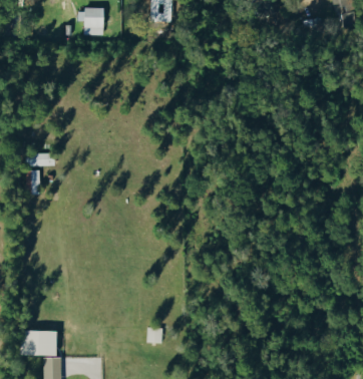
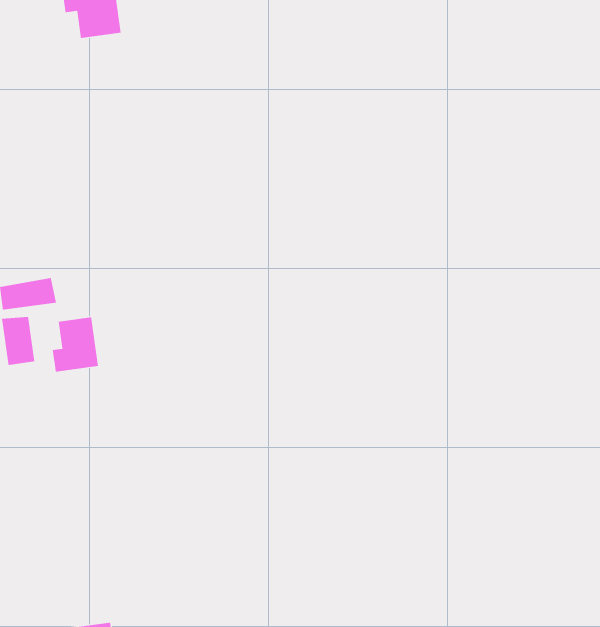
building: none -> [52,317,98,373]

